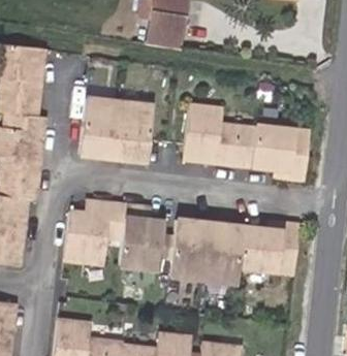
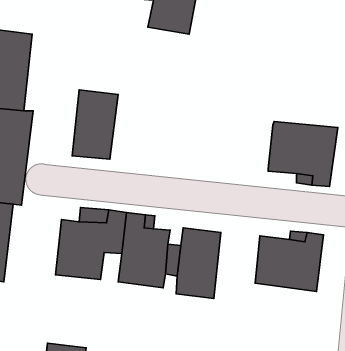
building: [111,101,151,162] -> none
building: [182,105,253,166] -> none
building: [201,222,242,283] -> none

